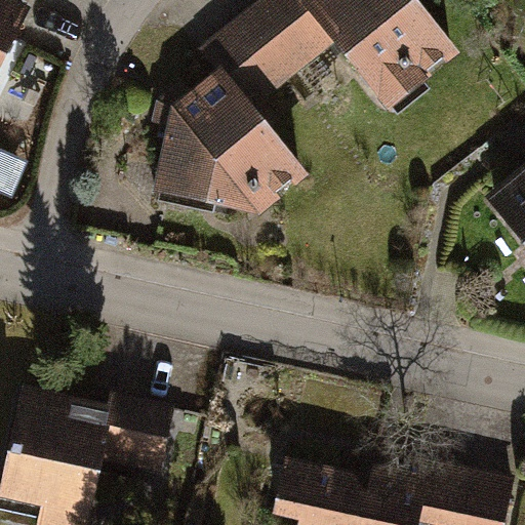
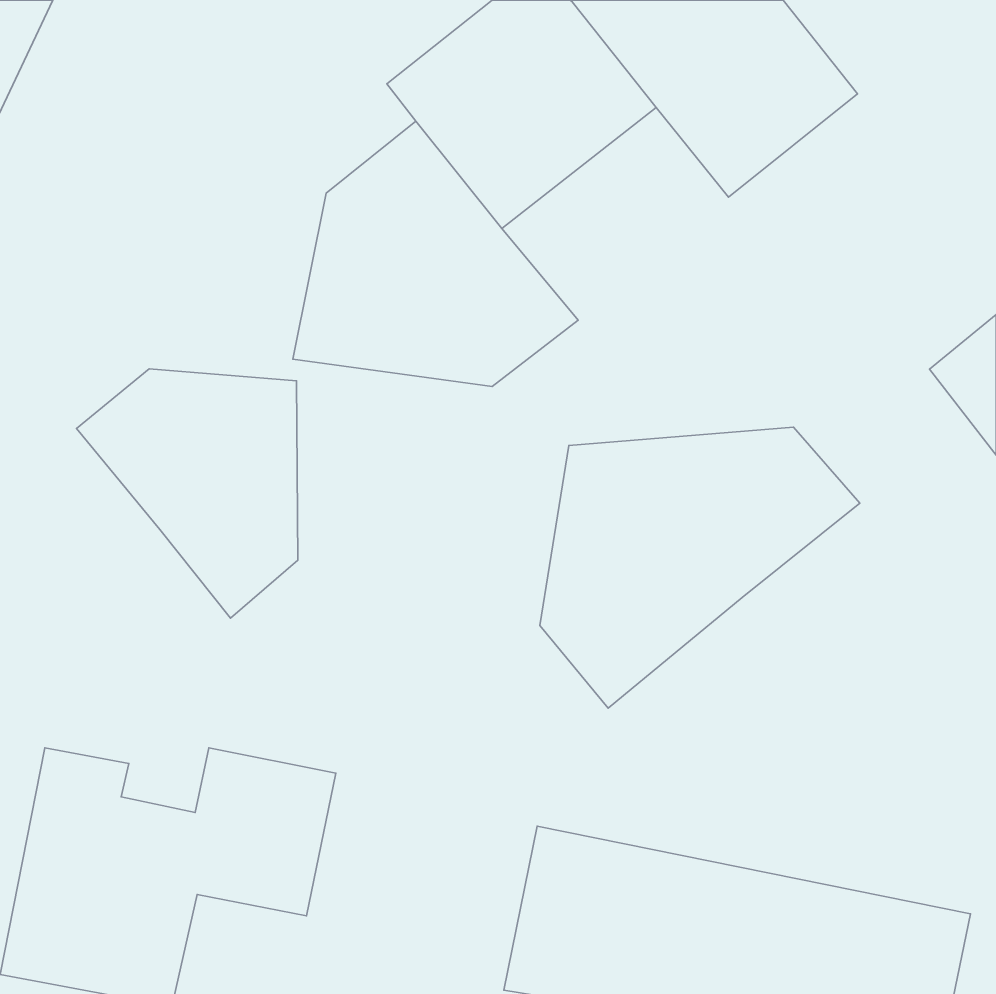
building: none -> [76,369,298,618]
building: none -> [540,427,860,708]

